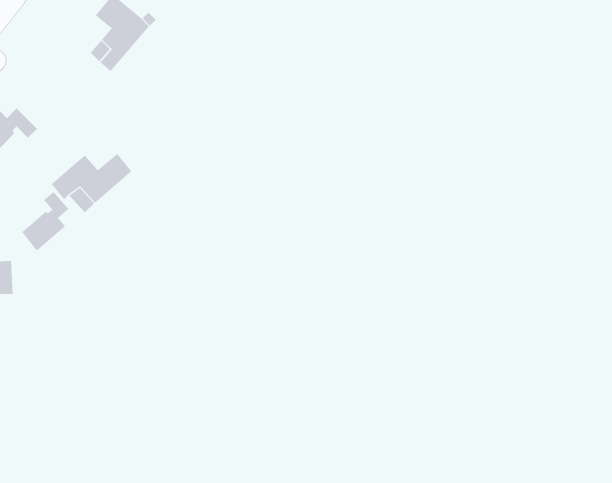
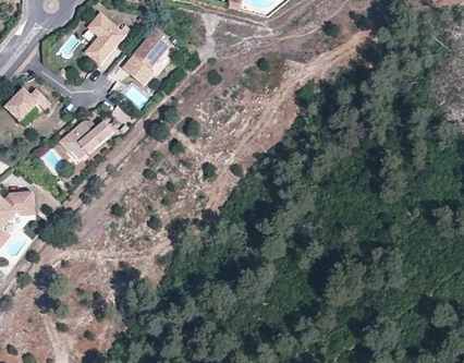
building: none -> [121,27,167,83]
building: [21,191,69,251] -> none

